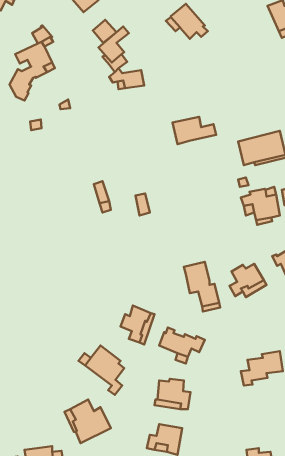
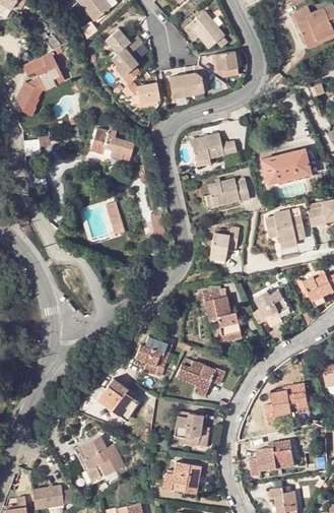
building: none -> [210,52,238,71]
building: none -> [169,73,204,99]
building: none -> [90,128,134,158]
building: none -> [207,179,249,207]
building: none -> [209,227,239,257]
building: none -> [250,440,294,477]

